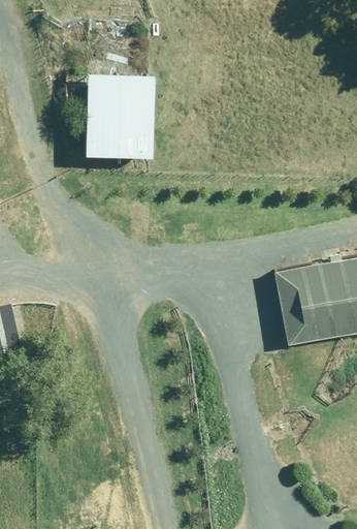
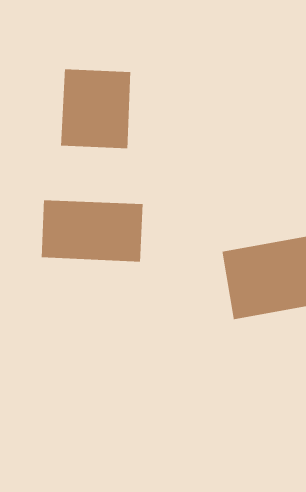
building: none -> [41,200,144,263]

